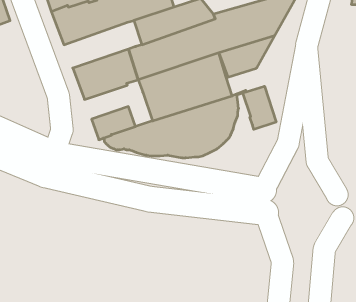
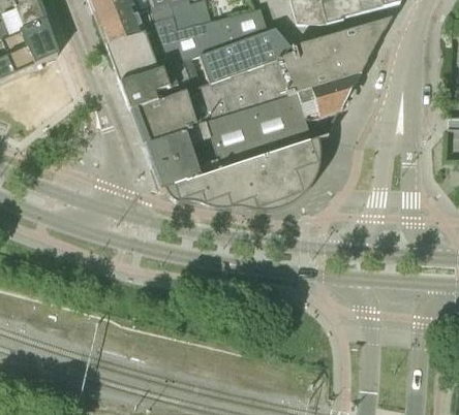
building: none -> [119,55,202,107]
building: none -> [143,121,210,166]
building: [243,86,276,129] -> none

